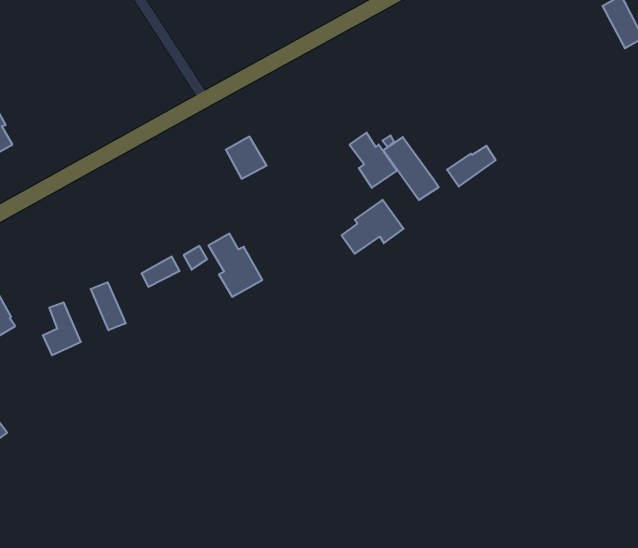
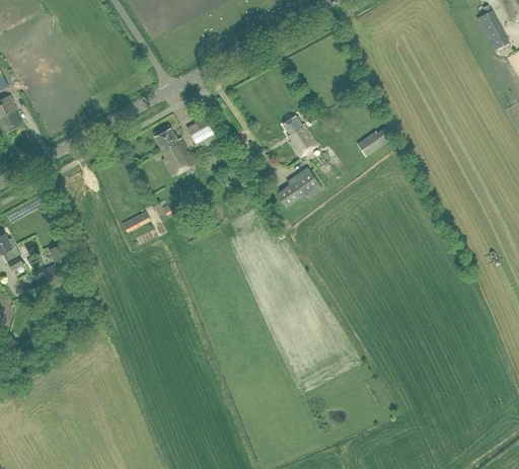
building: [383,137,439,200] -> none
building: [208,234,262,297] -> [153,127,195,175]
building: [91,282,126,330] -> none

